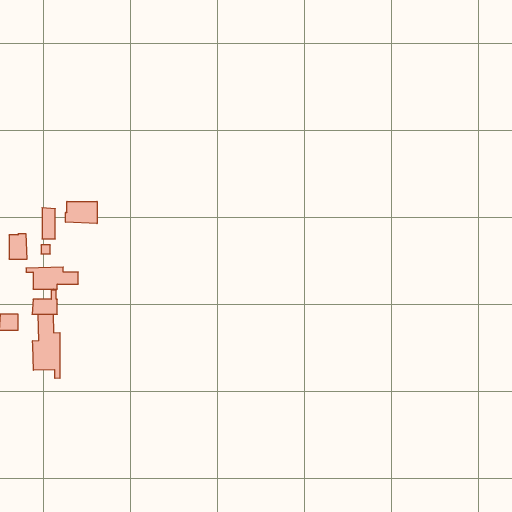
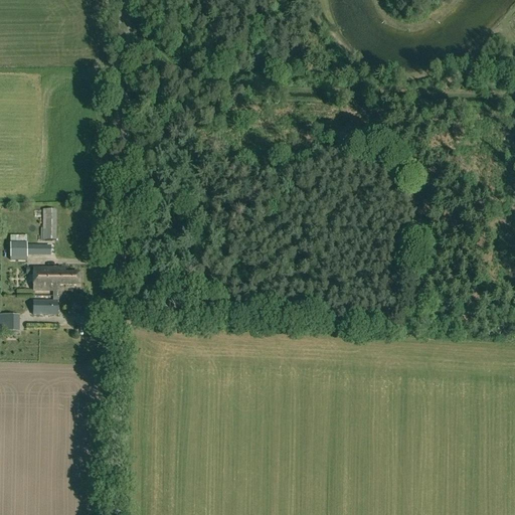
building: [66,201,97,224] -> none
building: [33,314,60,378] -> none

